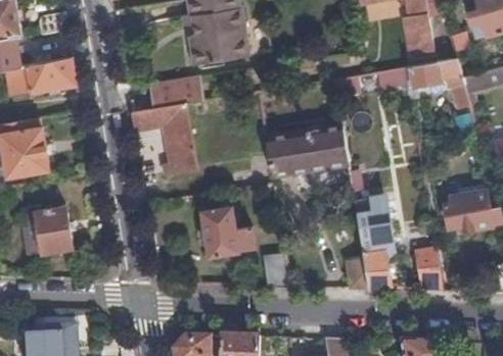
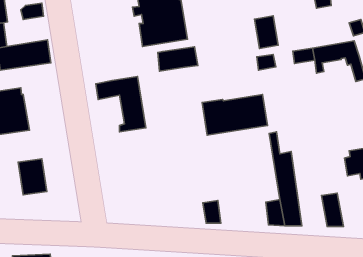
building: [404,14,433,55] -> [254,16,278,49]
building: [151,78,201,108] -> [158,47,198,71]
building: [201,207,255,257] -> none

